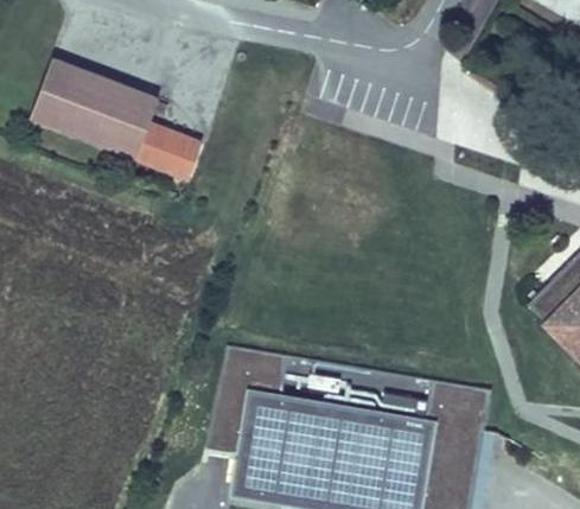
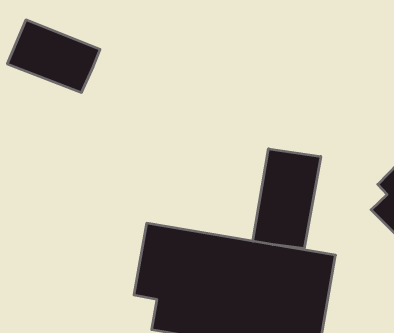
building: [135,125,200,179] -> none
building: none -> [253,149,321,248]

